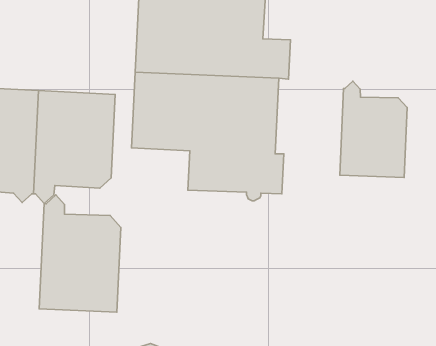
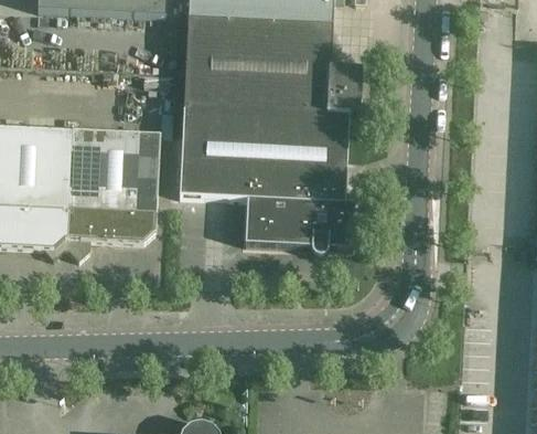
building: [340,81,407,177] -> none
building: [39,195,121,312] -> none

